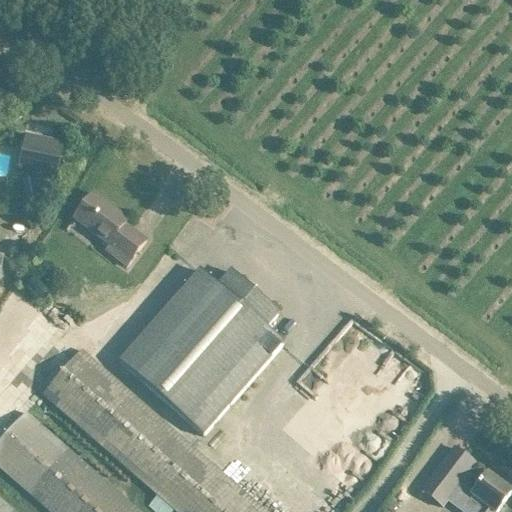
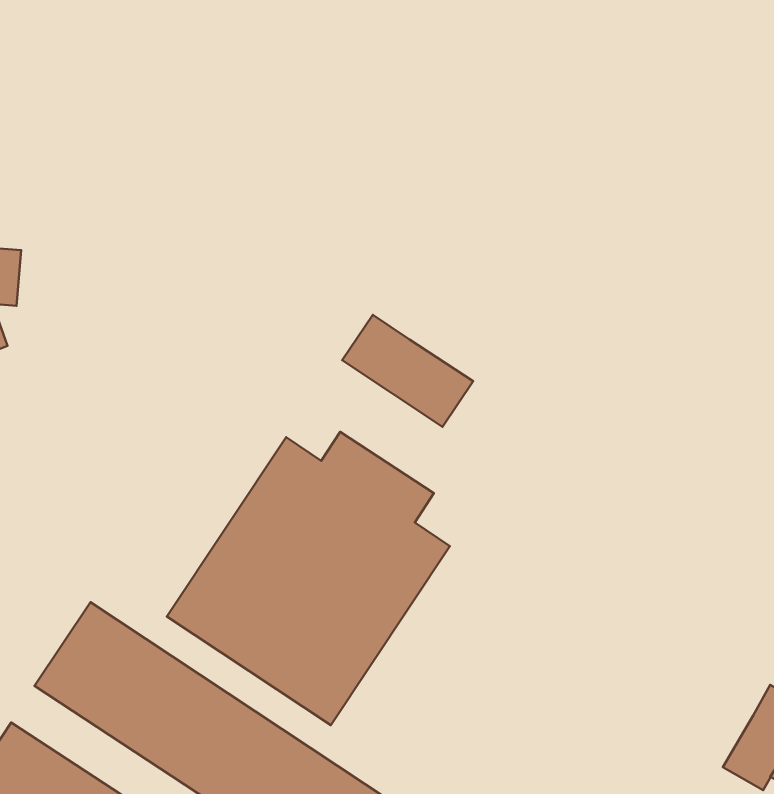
building: [73,192,145,266] -> none
building: none -> [342,315,473,427]

